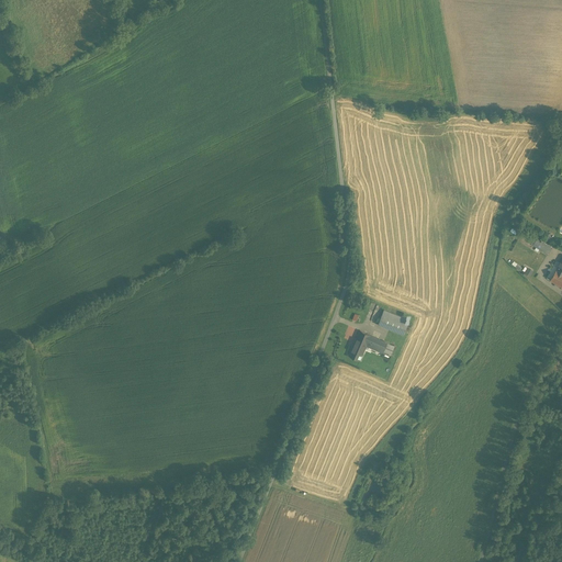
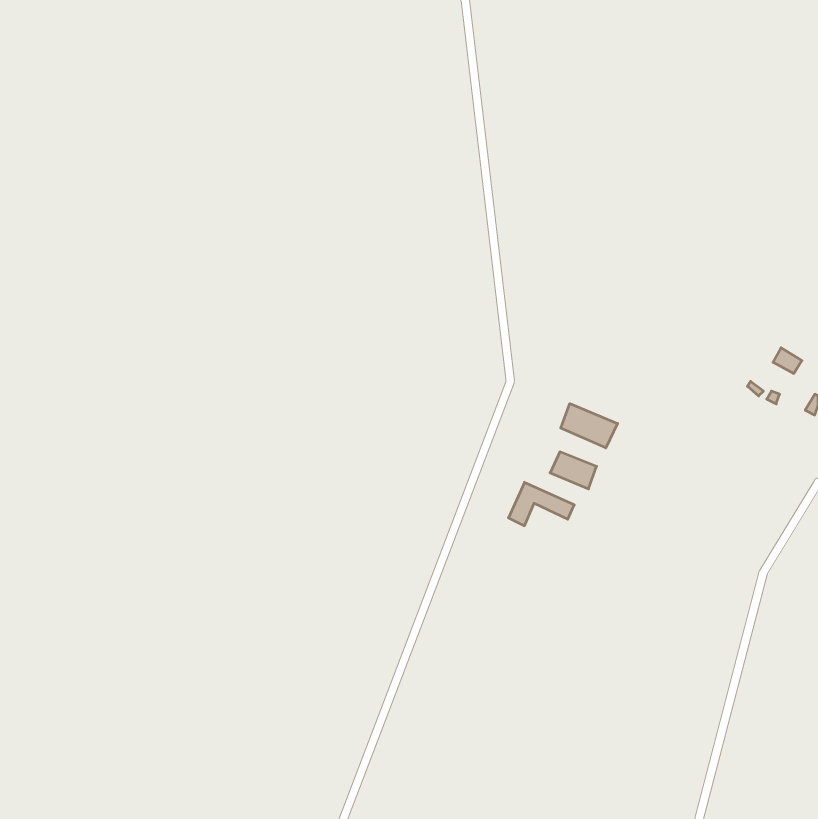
building: none -> [561,404,618,448]

